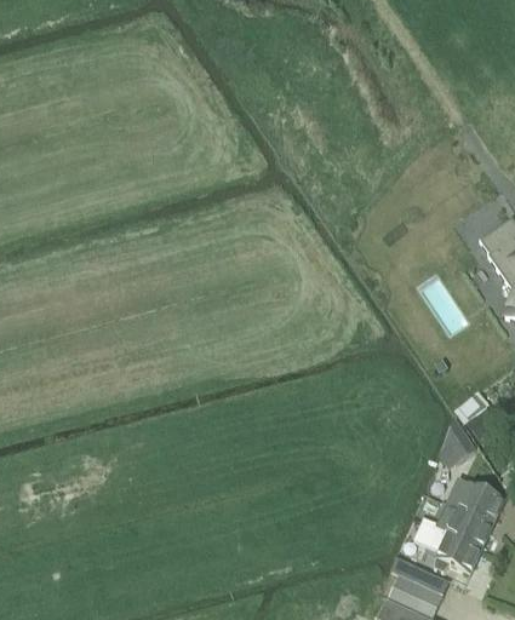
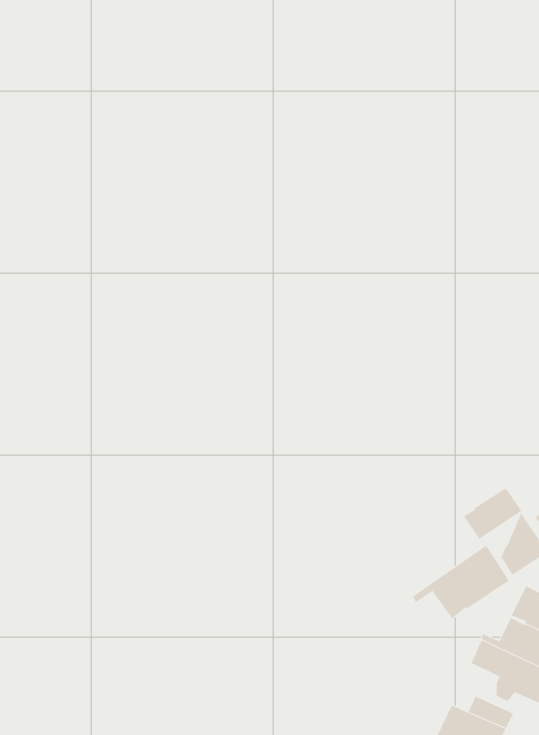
building: none -> [463,488,522,540]
building: none -> [413,545,510,619]

